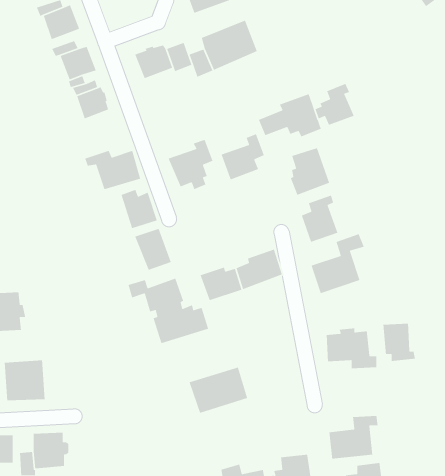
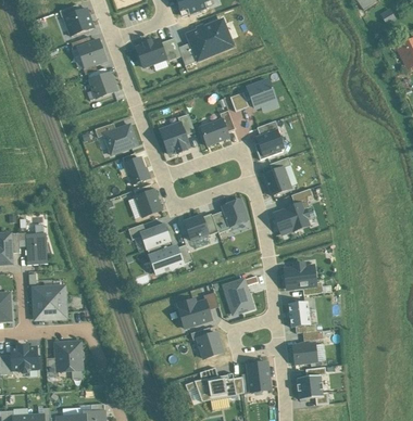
building: [315,83,355,126] -> none
building: [382,323,416,362] -> [291,301,317,331]
building: none -> [225,273,260,314]
building: none -> [191,326,227,357]

